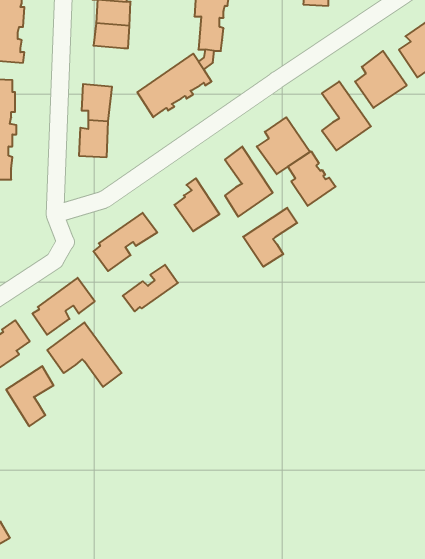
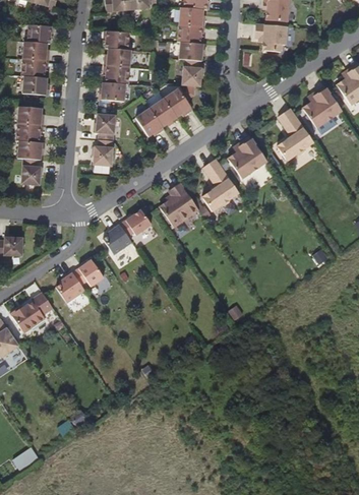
building: none -> [99,80,125,101]
building: [288,151,336,206] -> none
building: [243,208,297,267] -> none
building: [123,265,178,311] -> none
building: [47,322,122,387] -> none
building: [6,366,53,426] -> none

